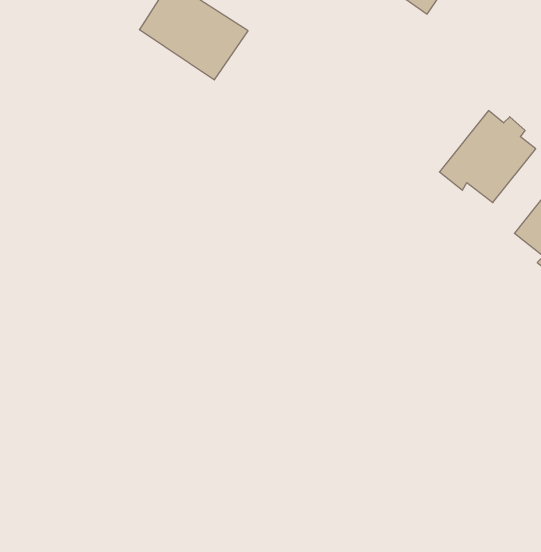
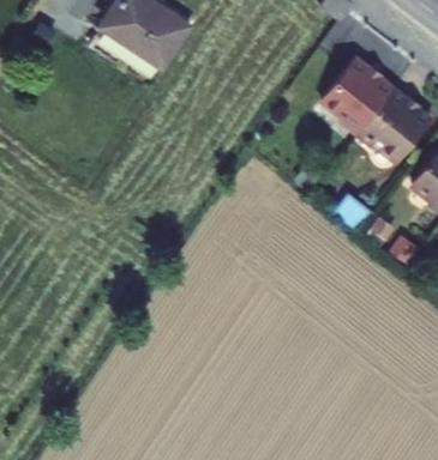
building: none -> [316,58,390,137]

